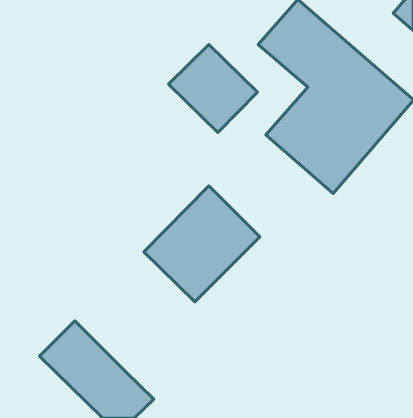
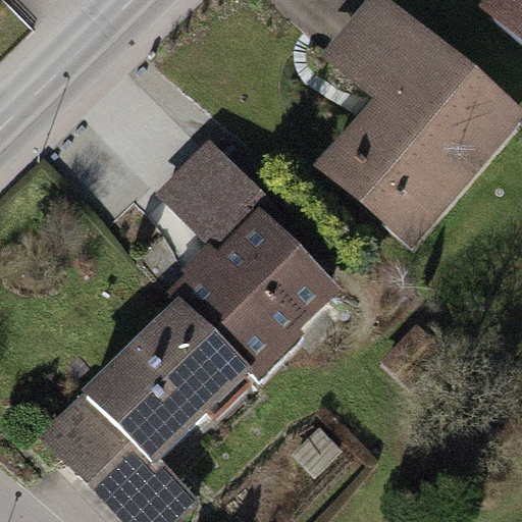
building: [169,45,257,133] -> [164,143,274,252]
building: none -> [93,312,242,461]

